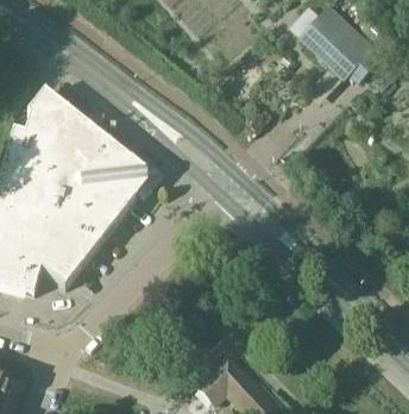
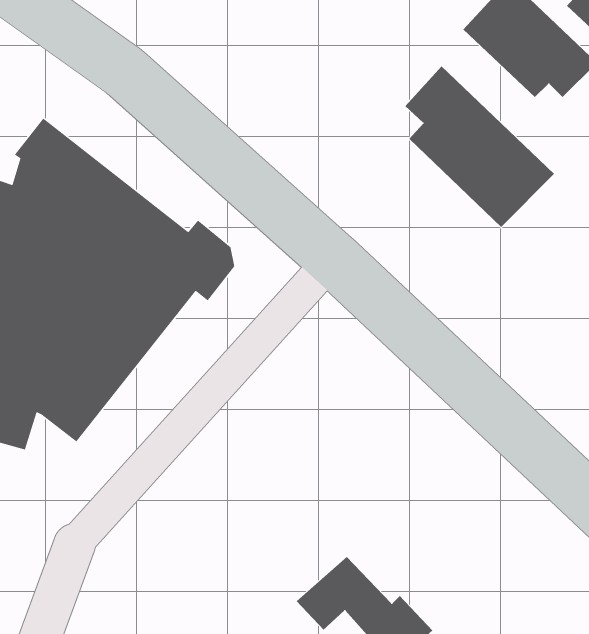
building: none -> [404,65,555,228]

